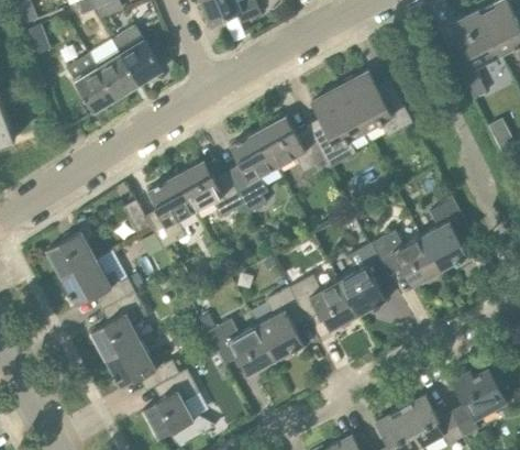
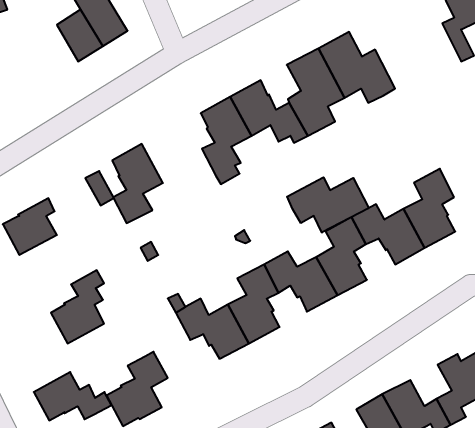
building: [65,53,115,112] -> none
building: [175,161,244,218] -> none
building: none -> [287,177,369,233]
building: [60,260,133,306] -> none
building: [106,342,178,387] -> [34,372,112,420]

